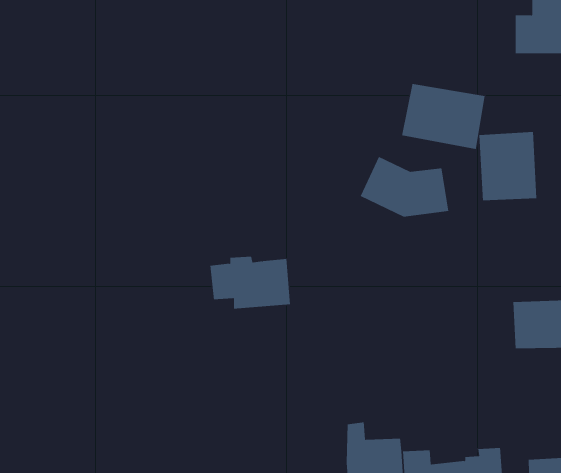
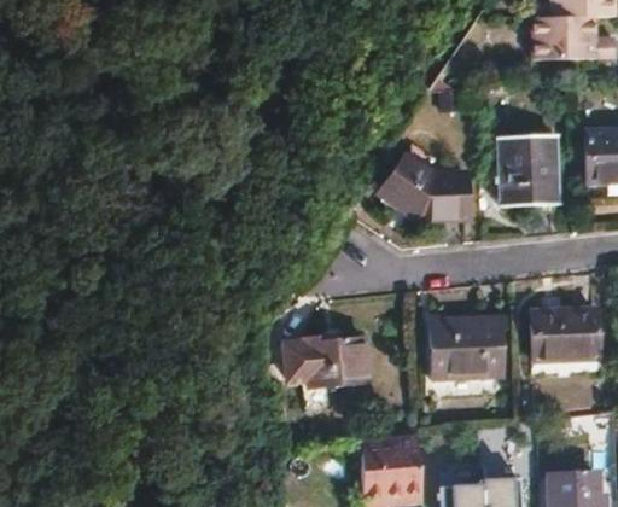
building: [402,83,485,150] -> none
building: [210,256,291,309] -> [284,334,367,389]
building: none -> [433,317,506,379]

